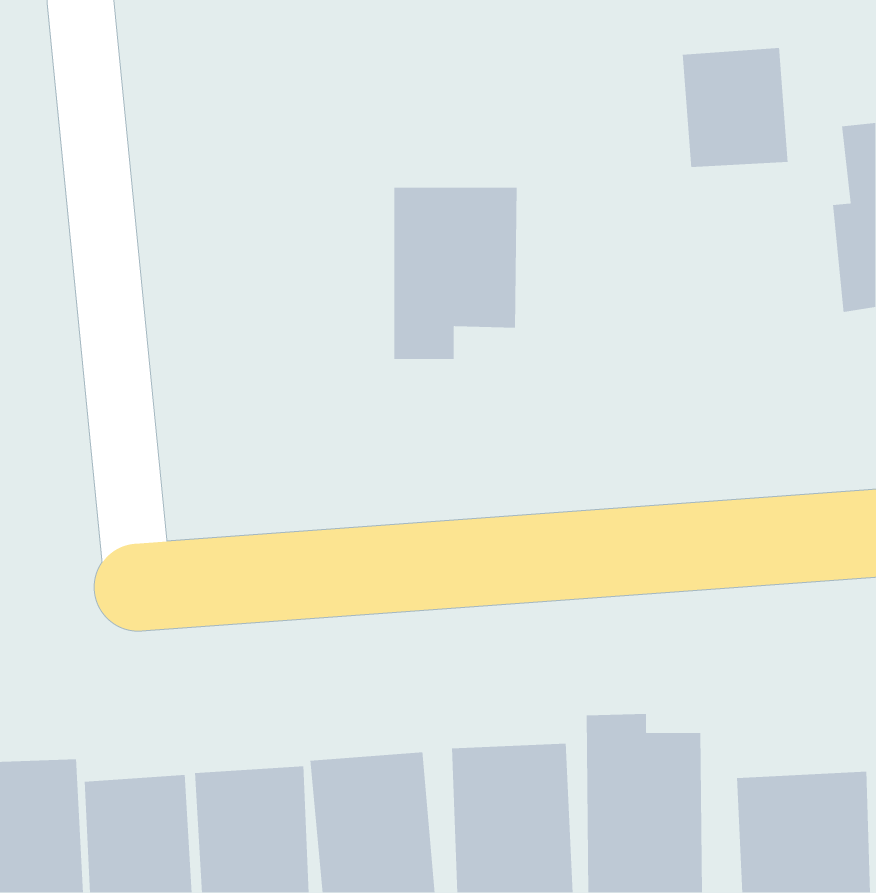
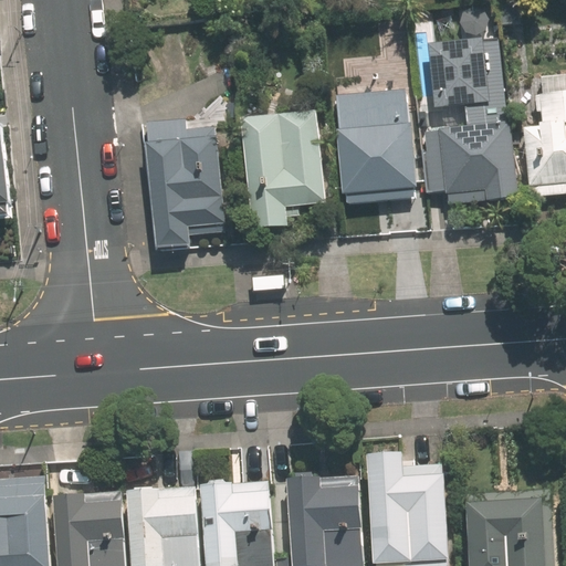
building: none -> [339,102,416,216]
building: none -> [137,119,226,252]
building: none -> [427,126,514,202]

